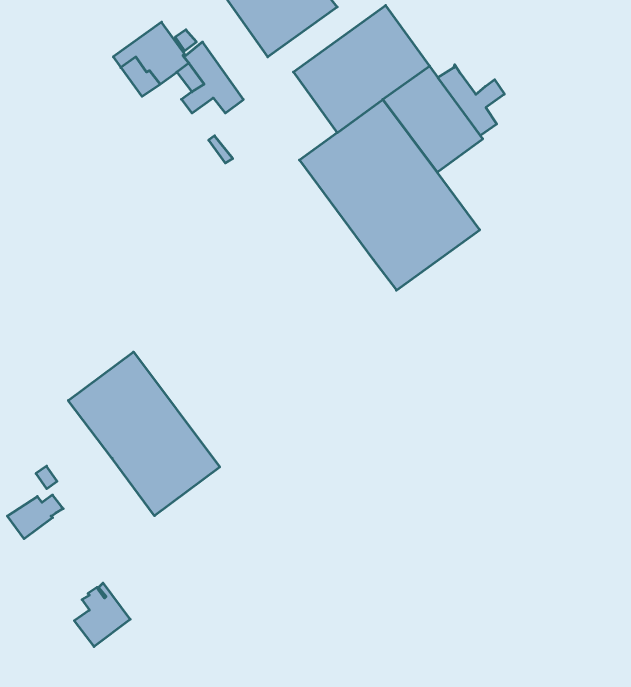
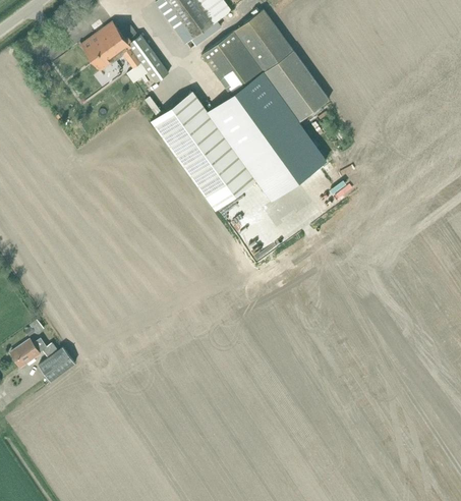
building: [438,65,504,135] -> none
building: none -> [152,95,255,211]
building: [68,352,220,516] -> none
building: [74,583,130,647] -> [37,340,74,383]

